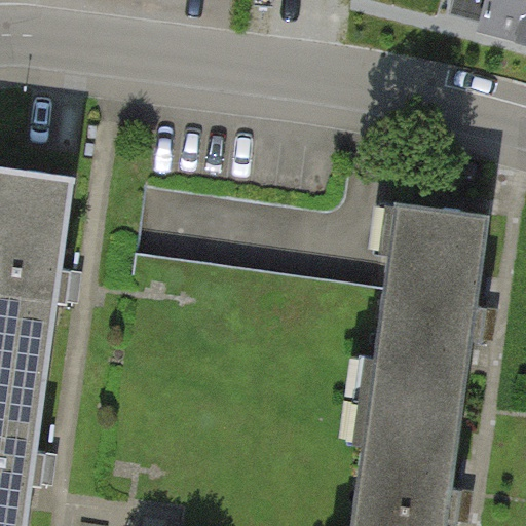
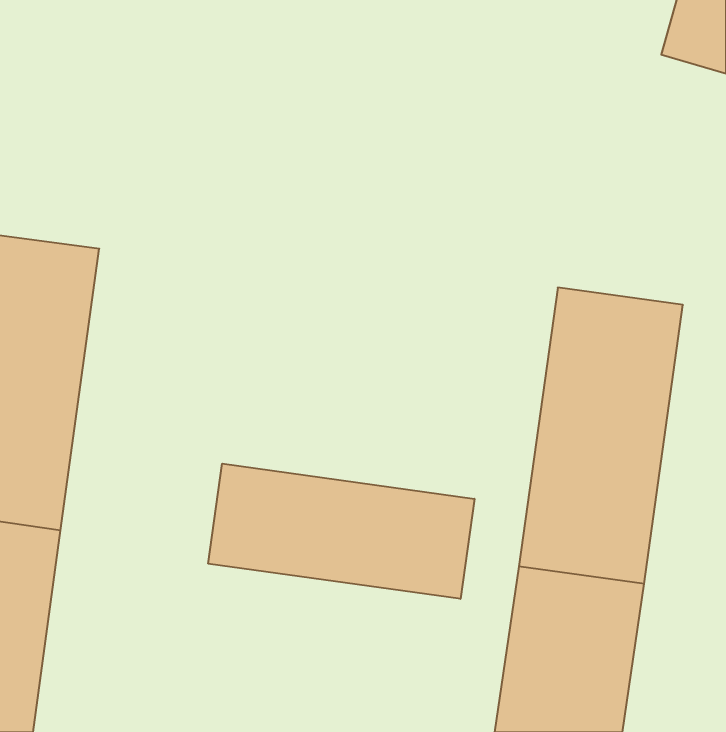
building: none -> [208,464,474,599]

